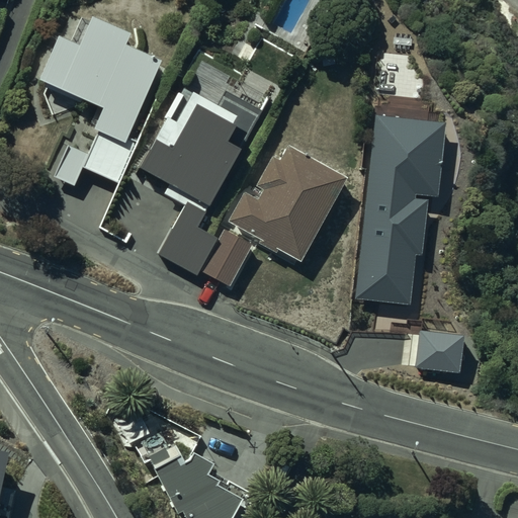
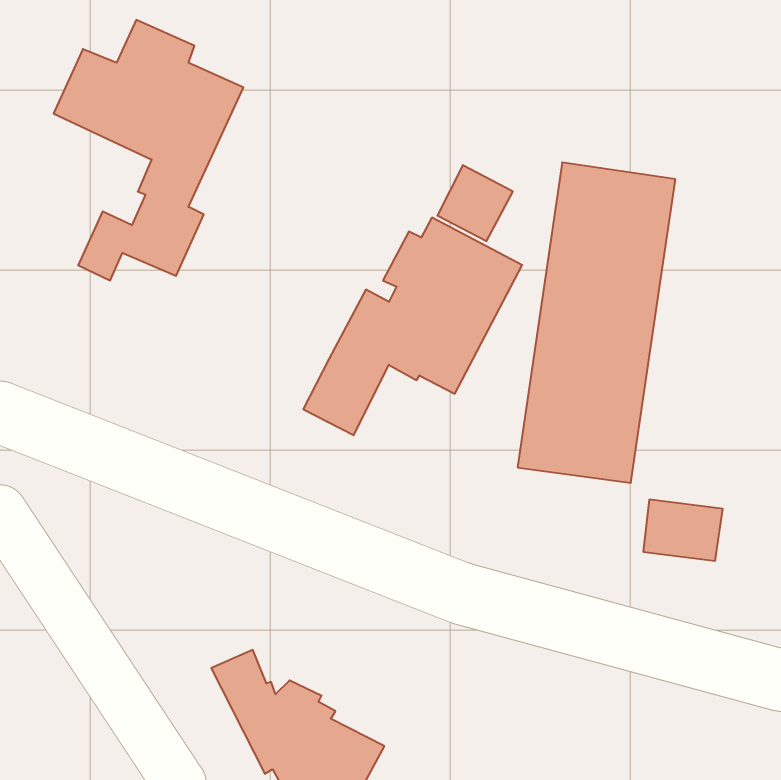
building: [139,90,260,277] -> none
building: none -> [437,165,513,241]

